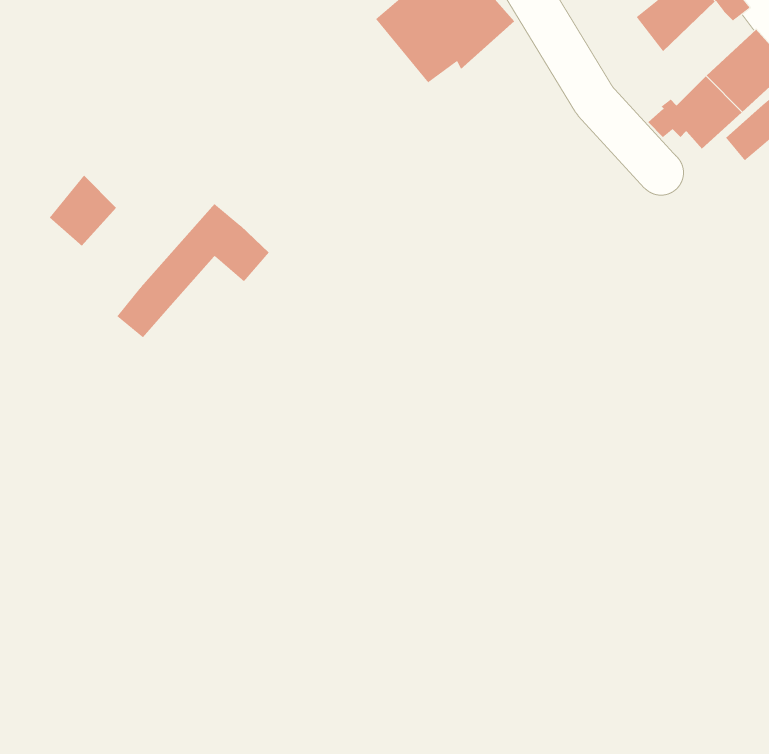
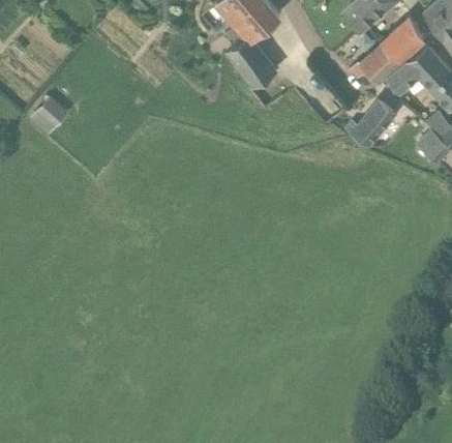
building: none -> [225,37,274,88]
building: none -> [346,100,394,146]
building: [117,203,269,338] -> none

